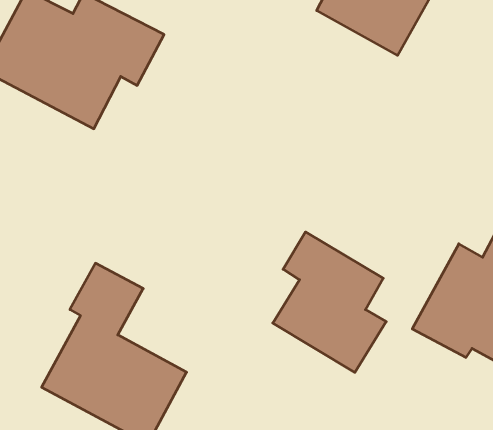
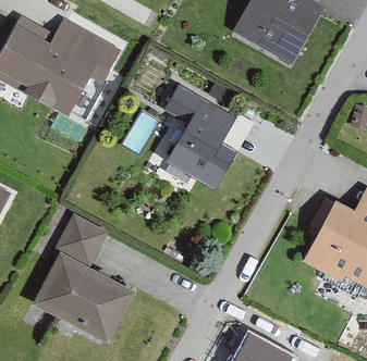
building: [273,232,386,372] -> [155,84,237,186]

